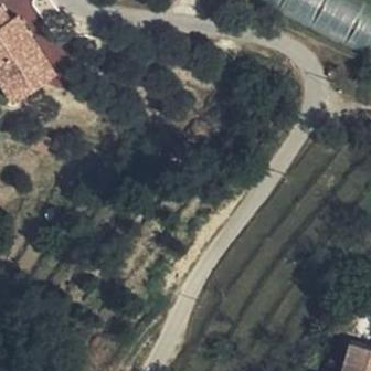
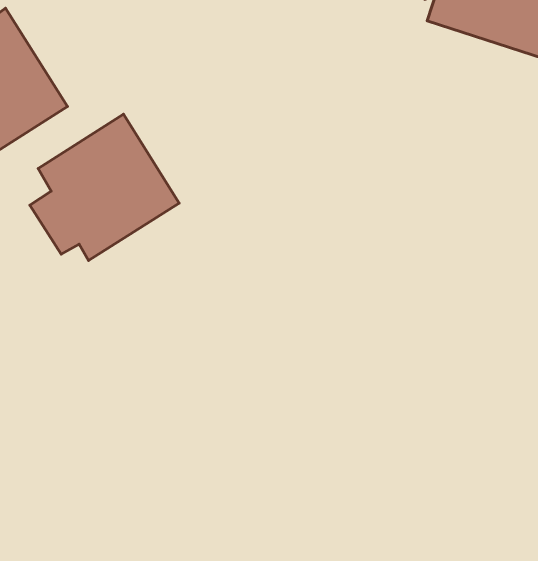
building: none -> [30,114,179,260]

